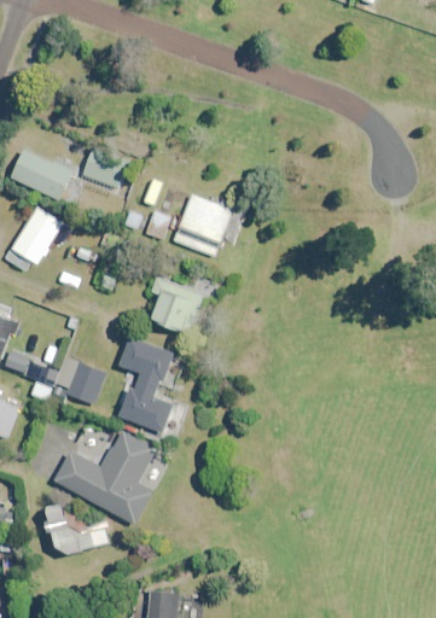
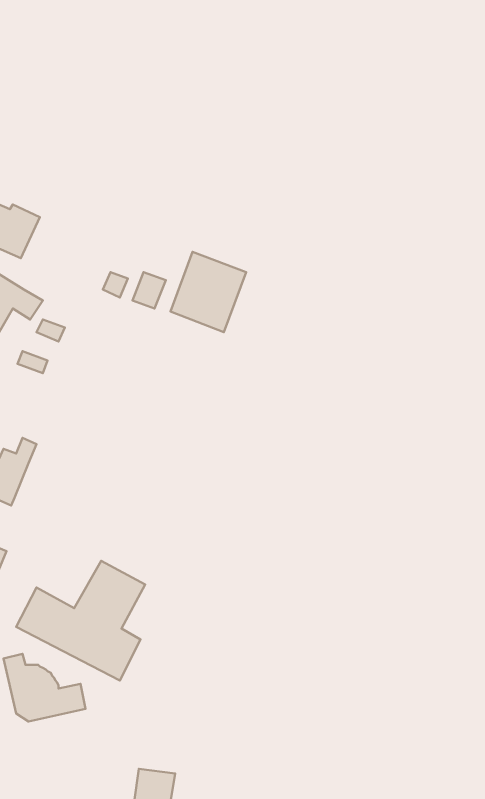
building: [83,153,126,188] -> none
building: [149,284,207,331] -> none
building: [118,337,173,432] -> none
building: [54,356,105,404] -> none

